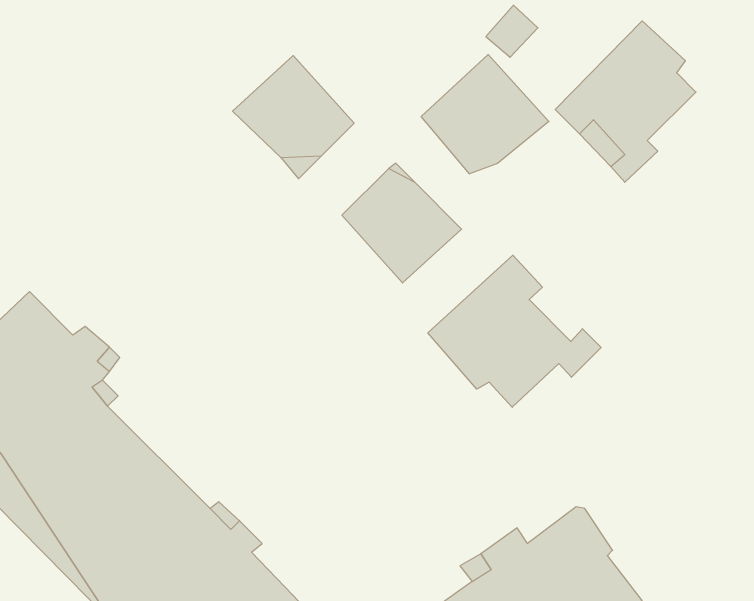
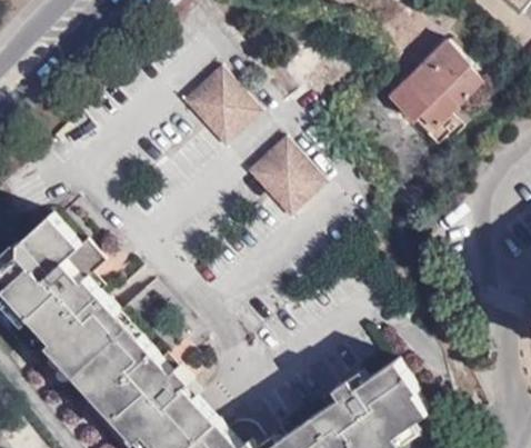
building: [421,55,549,174] -> none
building: [428,255,601,407] -> none

